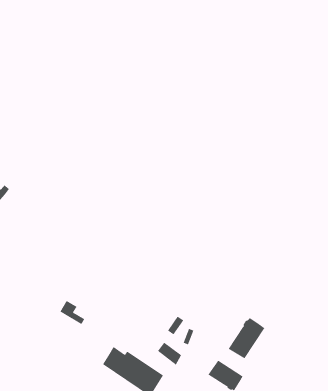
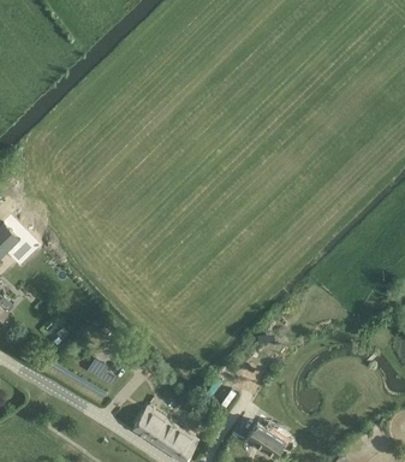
building: [228,317,265,359] -> none

